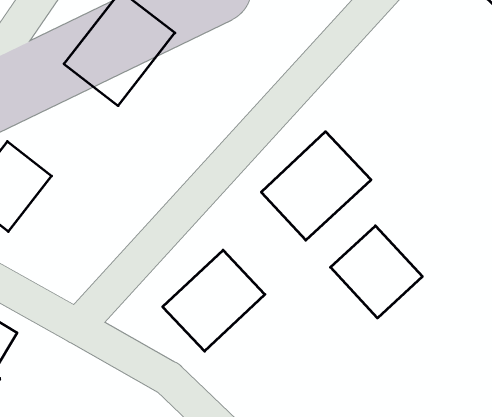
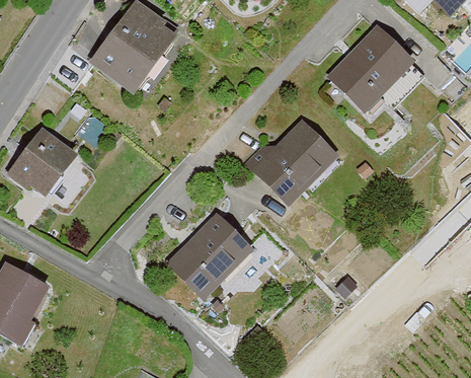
building: none -> [325,23,417,116]
building: [330,226,422,318] -> none

